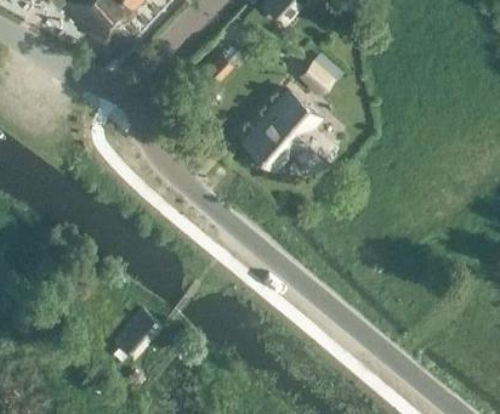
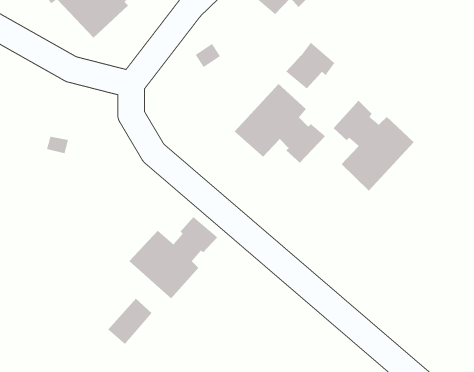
building: none -> [333,100,415,192]
building: none -> [129,216,218,299]

